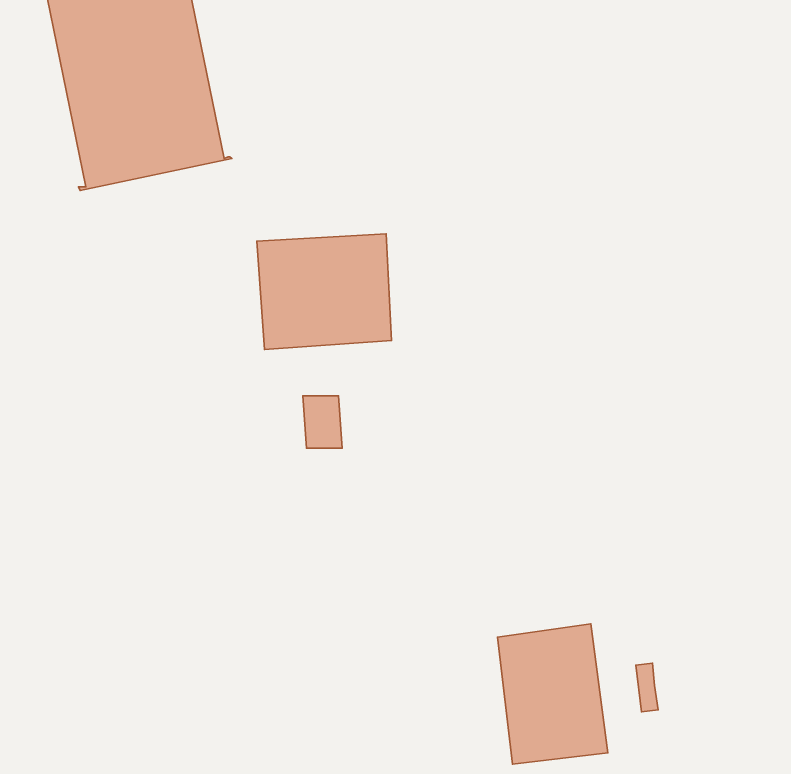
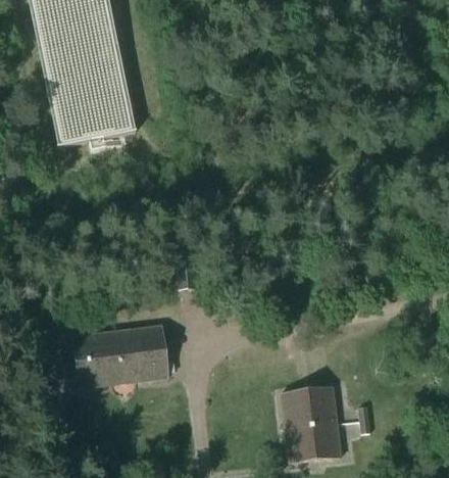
building: [257,234,392,350] -> none
building: none -> [63,324,169,388]

